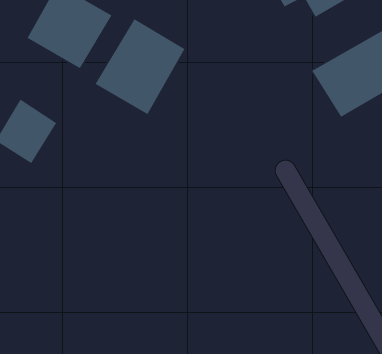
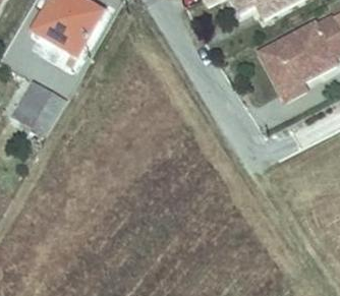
building: [95,18,186,115] -> none

